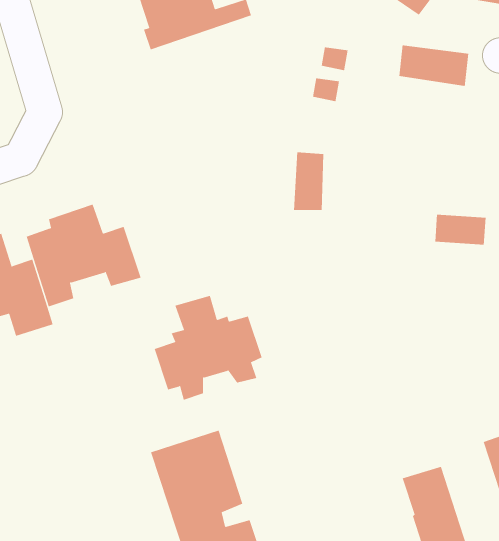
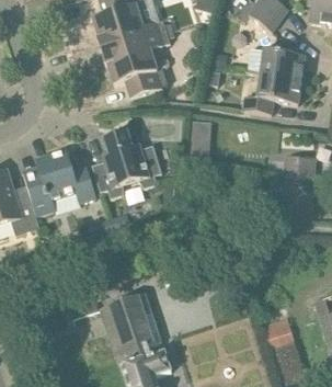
building: none -> [102,31,171,98]
building: none -> [242,69,302,113]
building: [154,295,262,400] -> [92,132,161,198]

